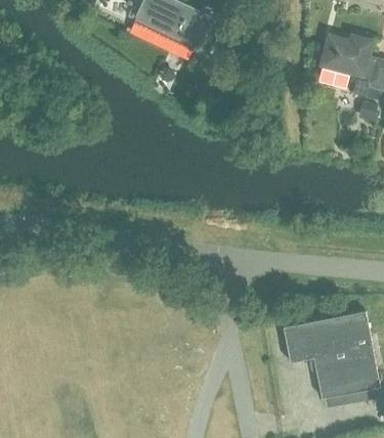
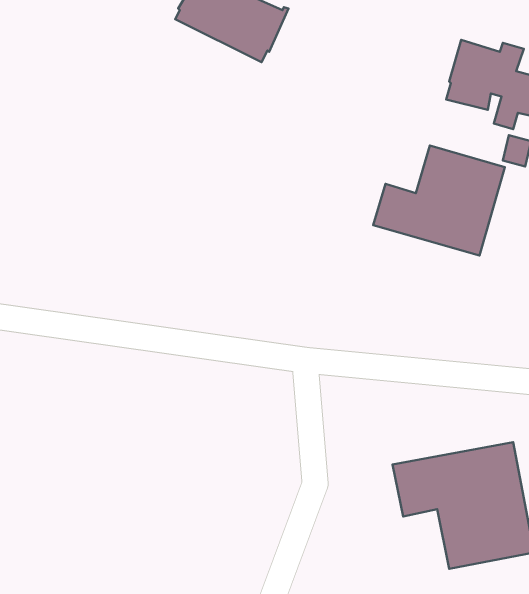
building: none -> [373,145,505,255]

